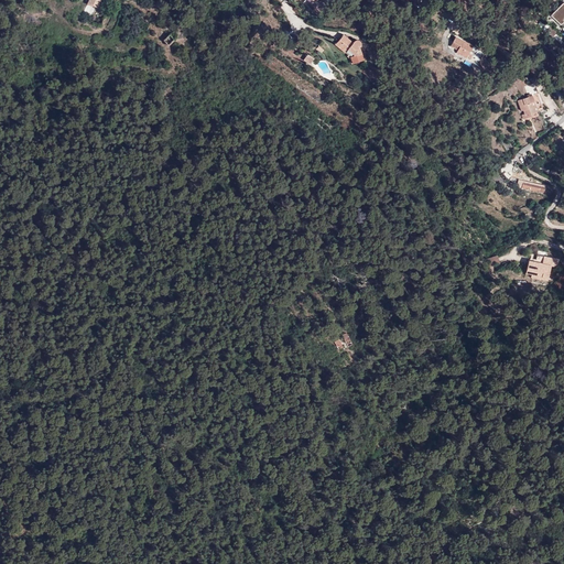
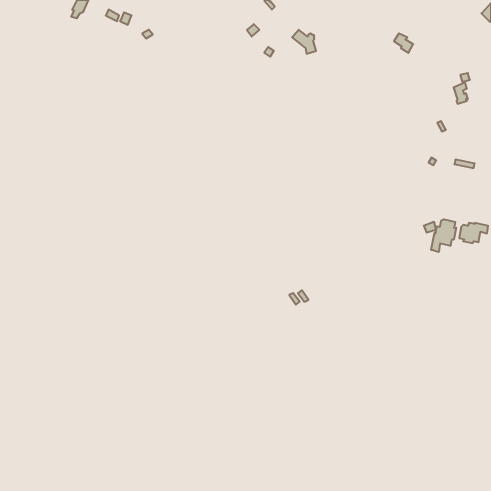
building: none -> [431,219,456,252]

